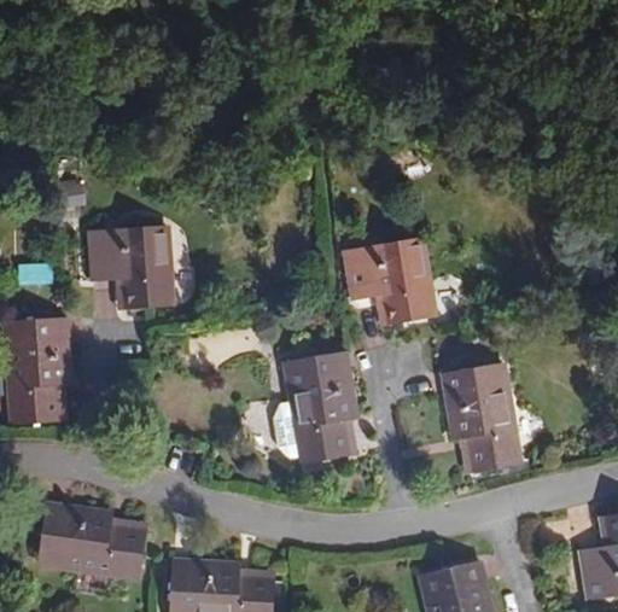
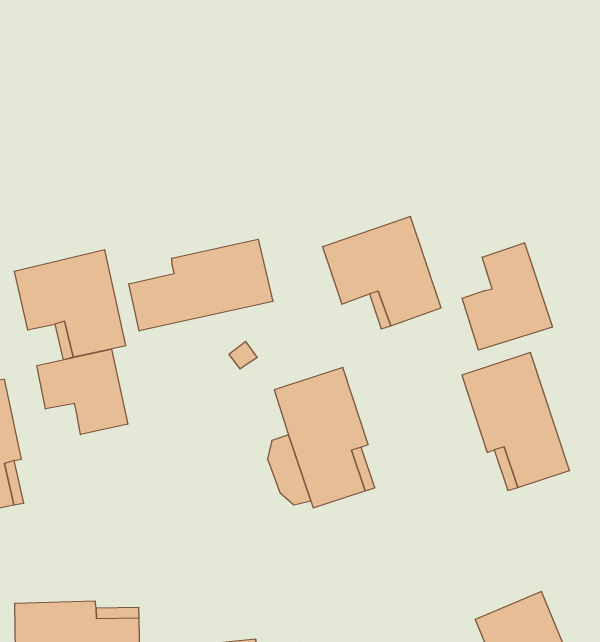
building: none -> [129,239,273,331]
building: none -> [462,243,552,350]
building: none -> [37,349,128,435]

